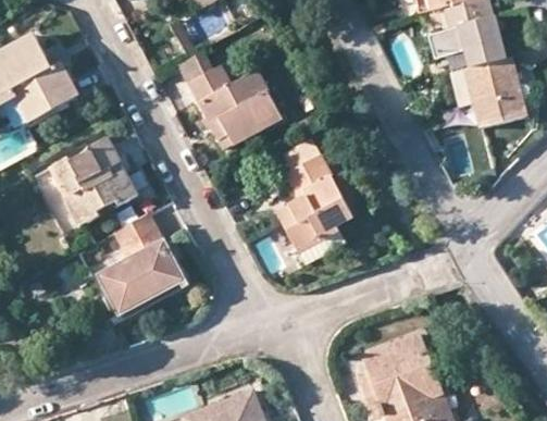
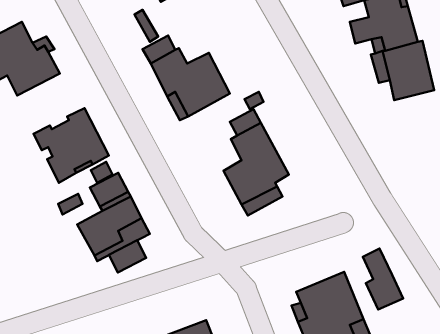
building: none -> [109,240,146,273]
building: none -> [363,249,403,309]

